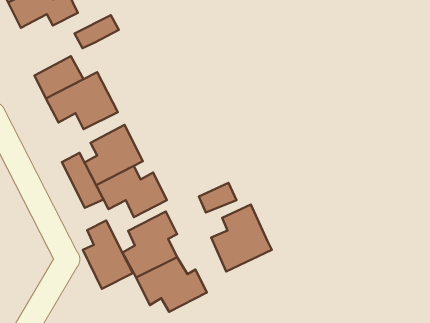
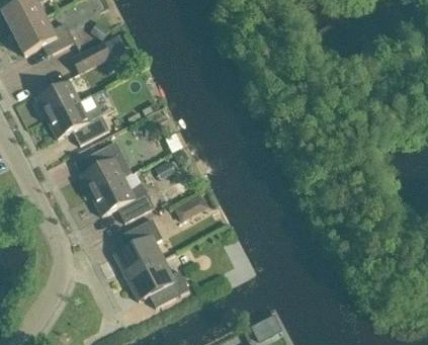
building: [62,153,103,208] -> none
building: [211,204,272,271] -> none
building: [83,220,133,289] -> none

